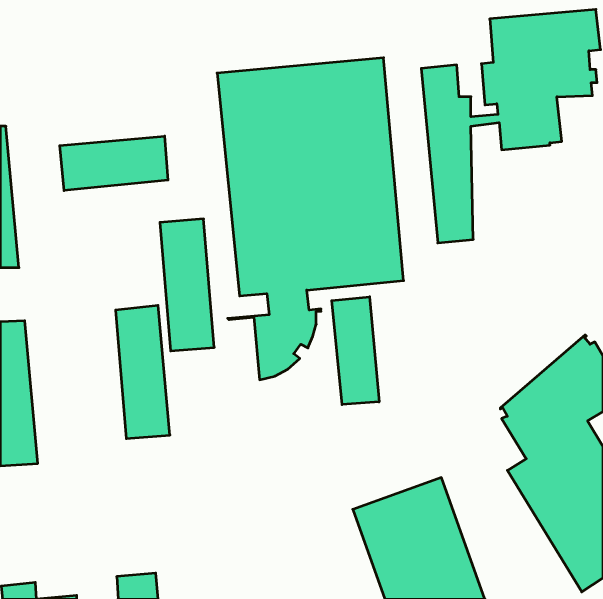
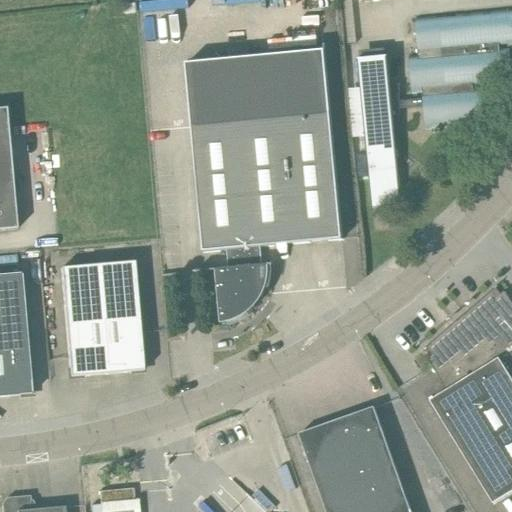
building: [60,136,168,191] -> none
building: [160,219,214,351] -> [61,263,107,375]
building: [332,297,379,405] -> none

